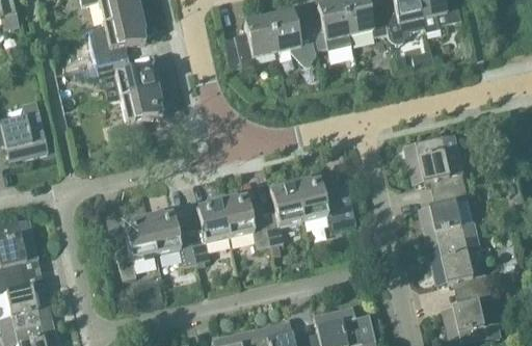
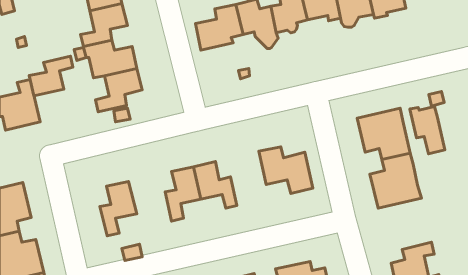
building: none -> [29,56,73,96]
building: none -> [410,107,445,154]
building: [262,183,302,244] -> none
building: [147,211,195,264] -> none
building: [429,236,489,294] -> none

